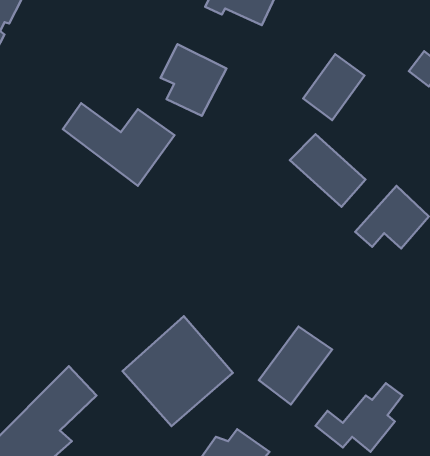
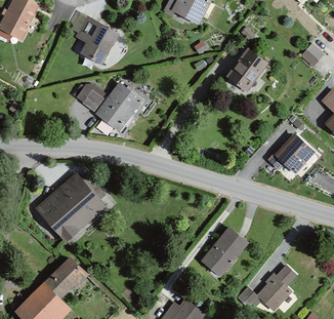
building: [161,44,226,116] -> [75,17,119,66]
building: [290,134,365,207] -> none
building: [123,316,233,426] -> [33,170,107,244]

